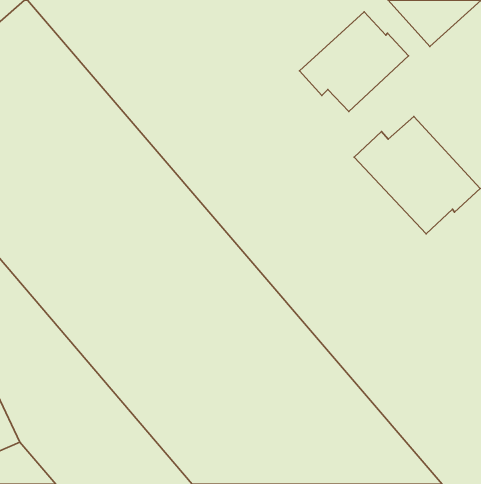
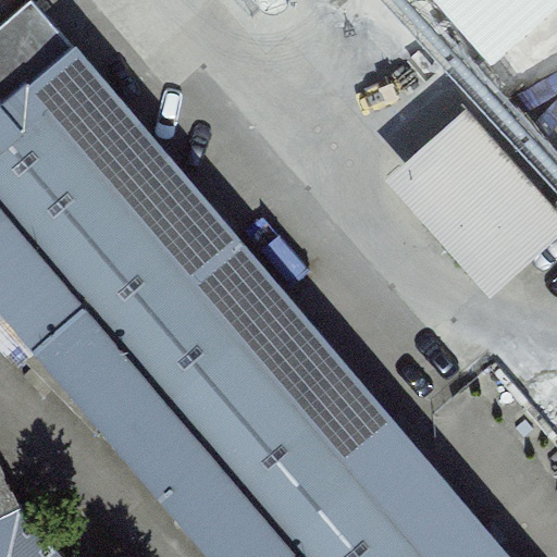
building: [299,12,409,111] -> none

